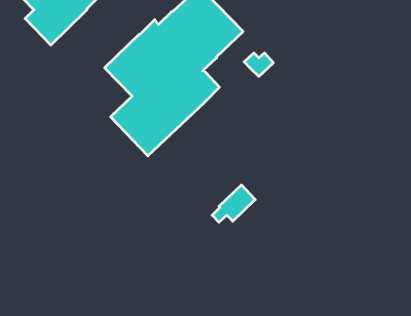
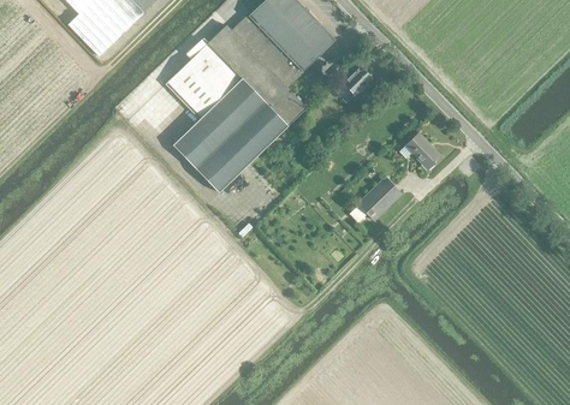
building: none -> [404,132,441,169]
building: [212,185,255,222] -> [349,177,402,222]

